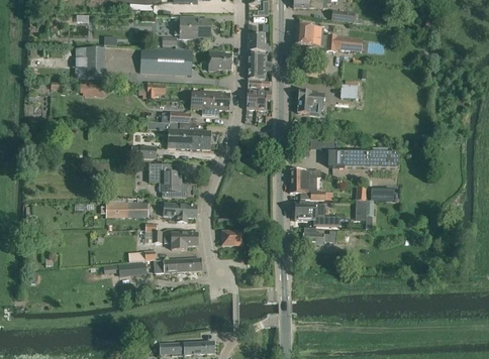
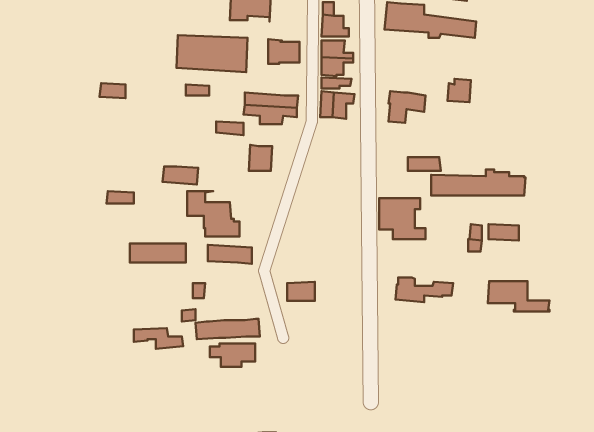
building: [75,47,104,77] -> none
building: [167,122,195,148] -> none
building: [294,203,339,225] -> [488,281,549,311]
building: [164,232,197,249] -> [210,344,255,367]

